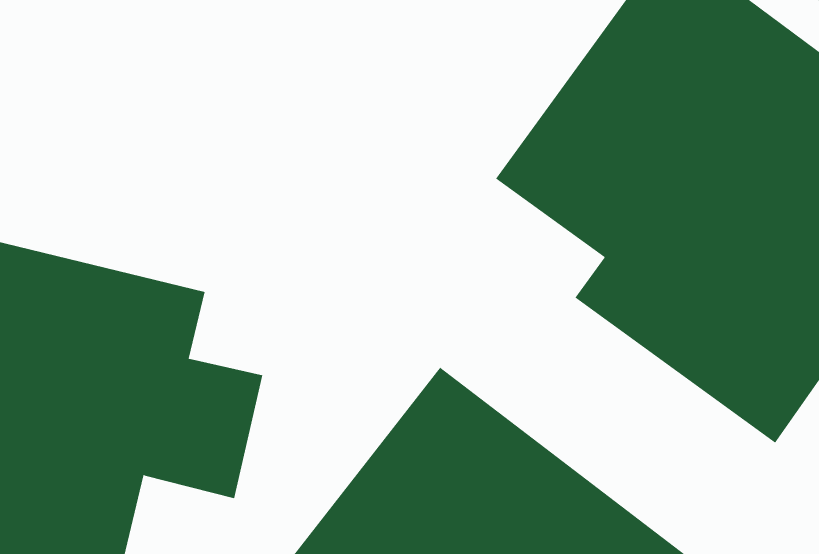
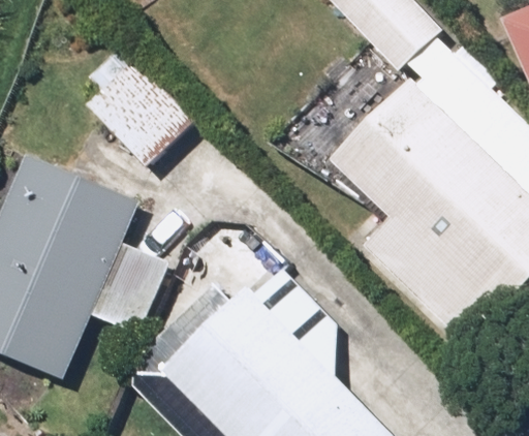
building: none -> [86,42,193,163]

